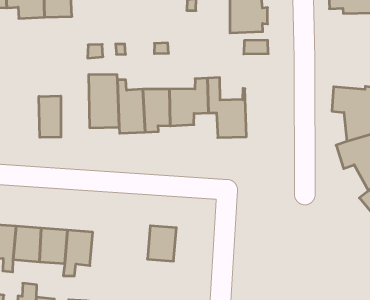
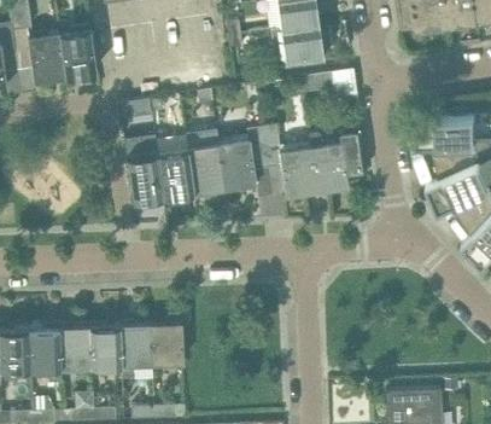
building: none -> [312,123,368,191]
building: [39,96,61,137] -> none
building: [147,226,176,261] -> [152,324,185,365]

